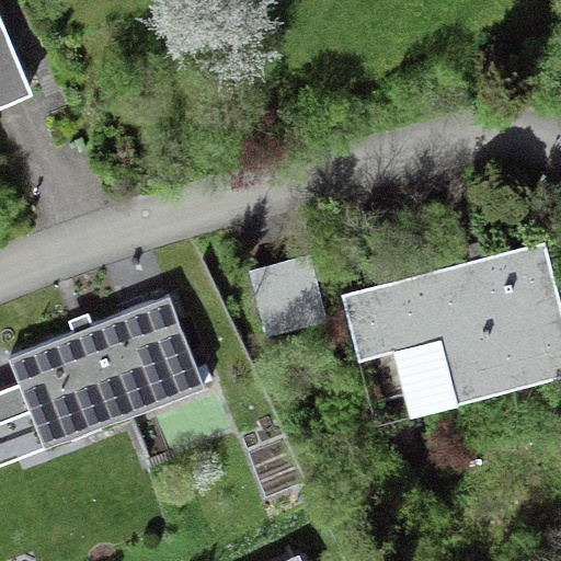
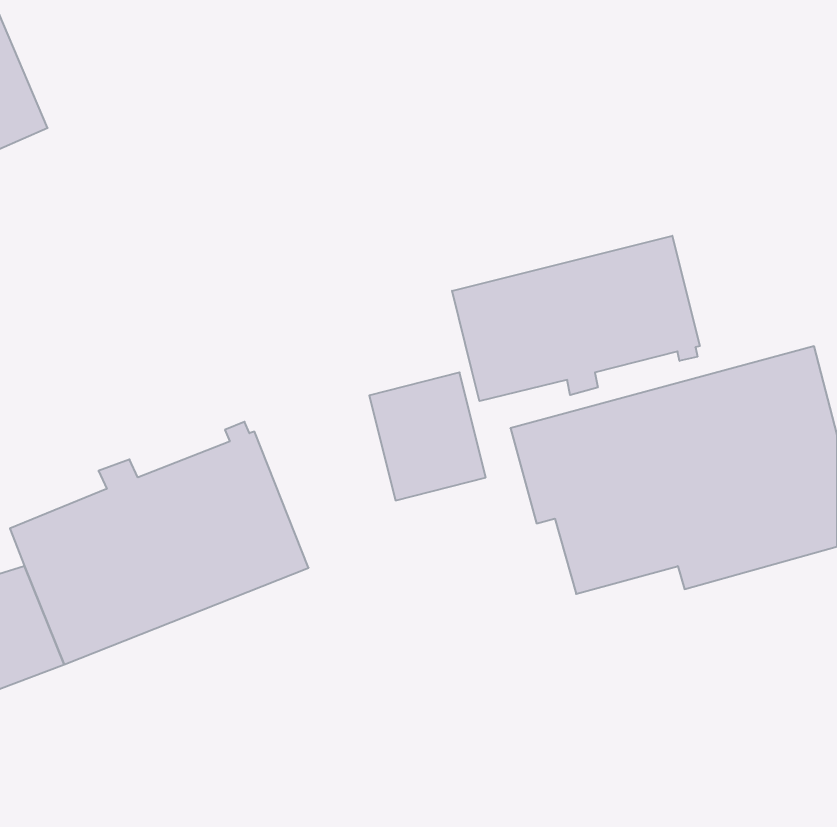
building: none -> [452,236,700,401]

